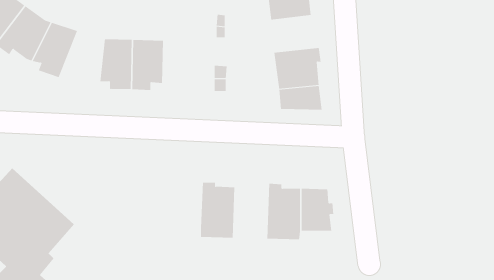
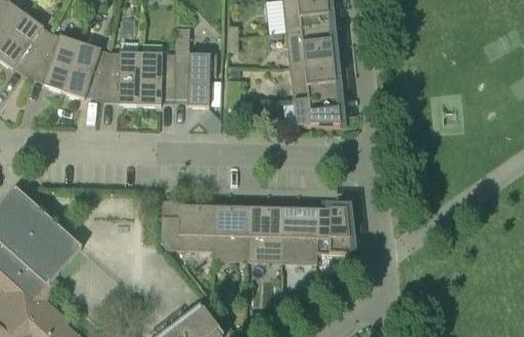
building: none -> [286,27,337,66]
building: none -> [173,28,216,107]
building: none -> [64,43,112,98]
building: none -> [160,201,214,250]
building: none -> [247,203,283,261]

